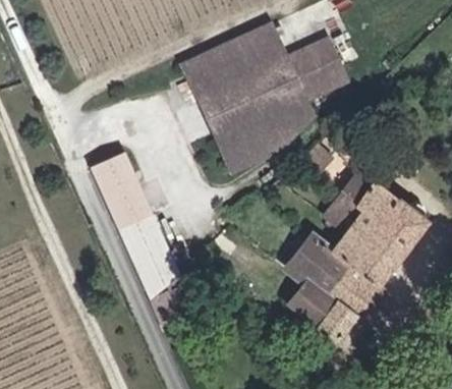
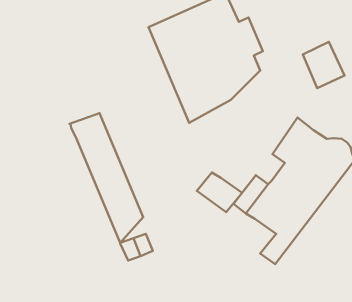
building: [301,41,349,94] -> [303,42,345,88]
building: [281,280,333,326] -> [197,172,242,212]

